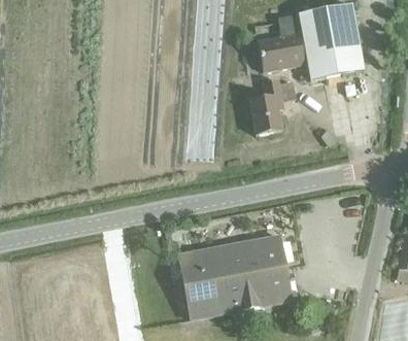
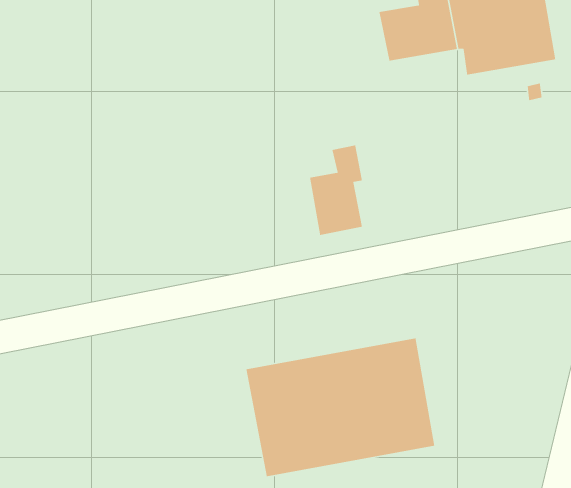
building: [249,80,281,135] -> [309,144,363,236]

